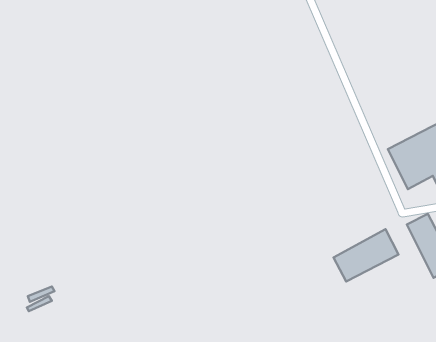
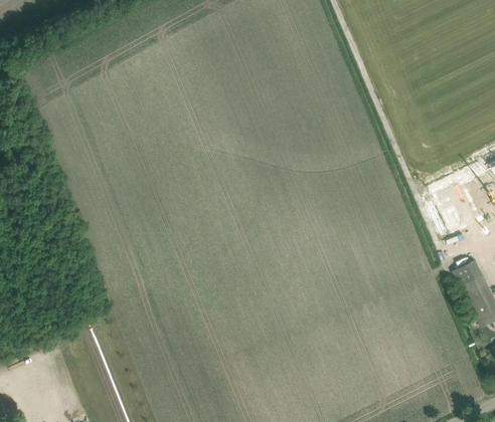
building: [333,229,399,281] -> none

